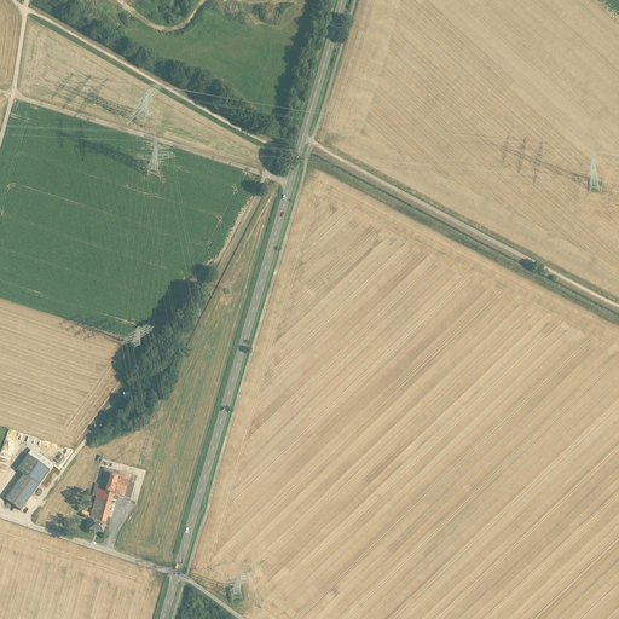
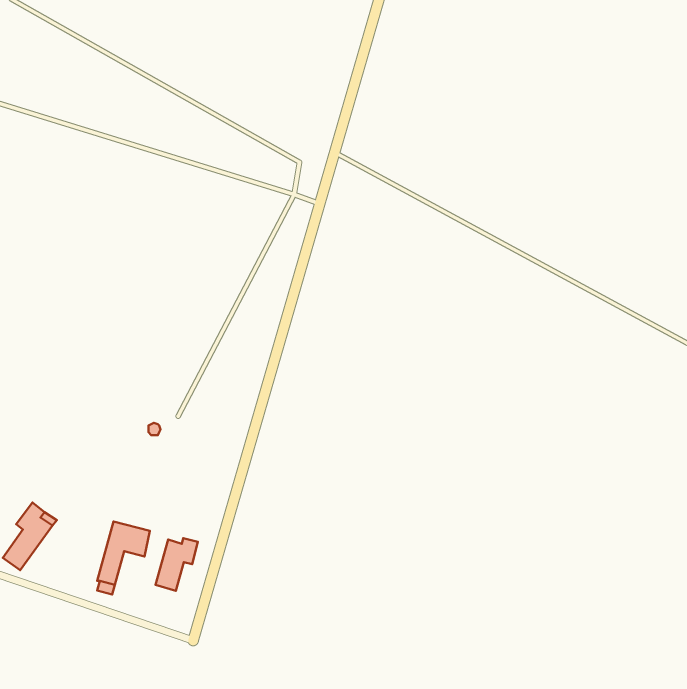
building: none -> [156,538,198,591]

